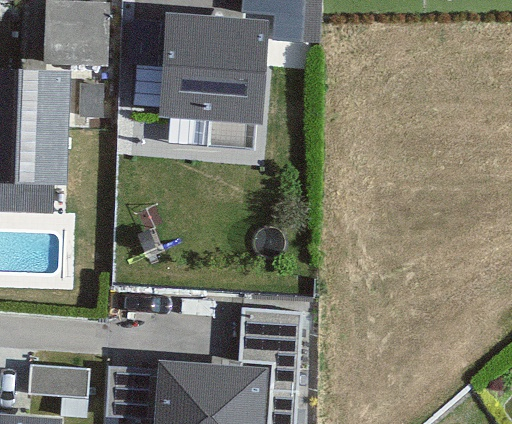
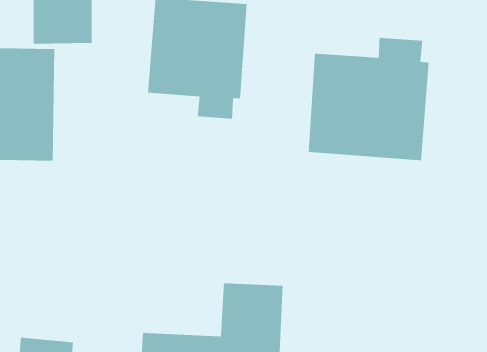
building: none -> [308,37,429,161]

